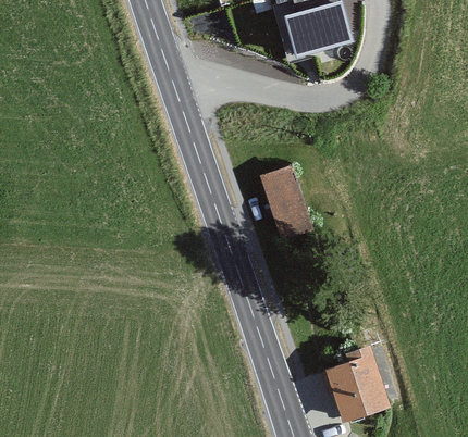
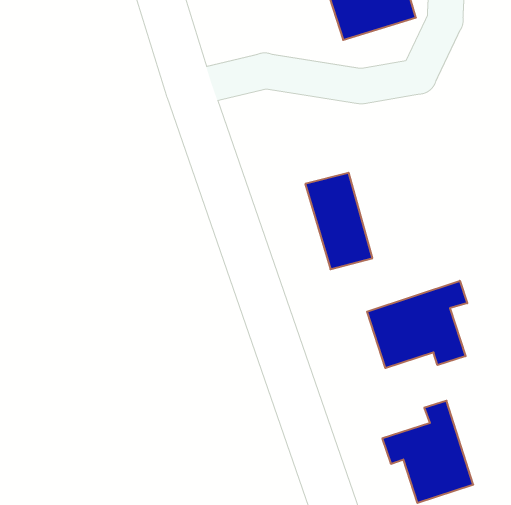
building: none -> [367,281,467,368]

